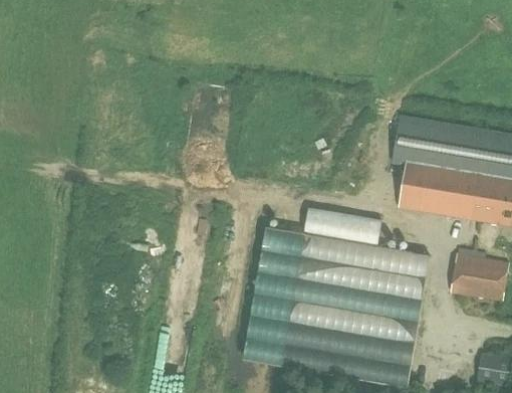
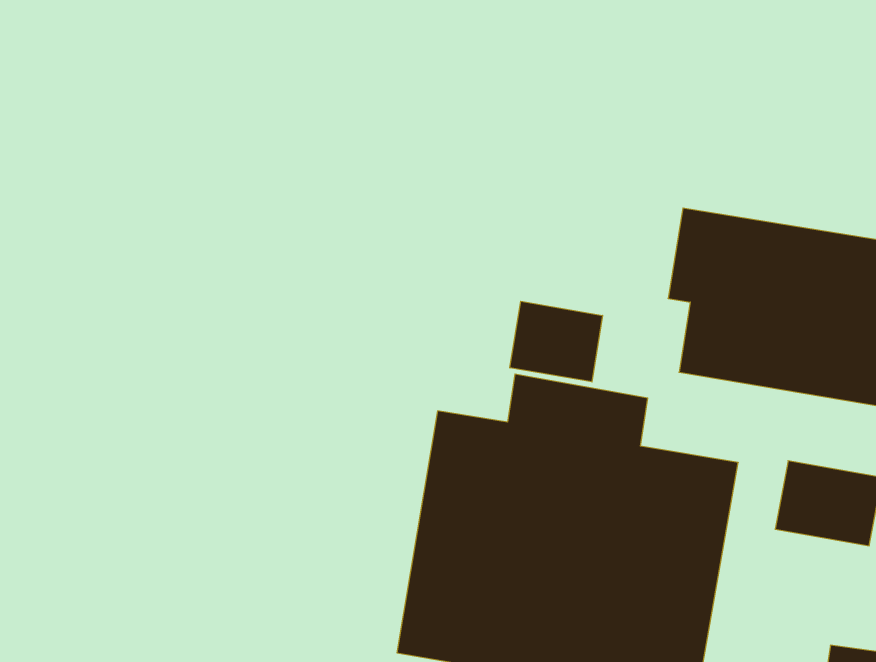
building: none -> [510,301,603,382]

